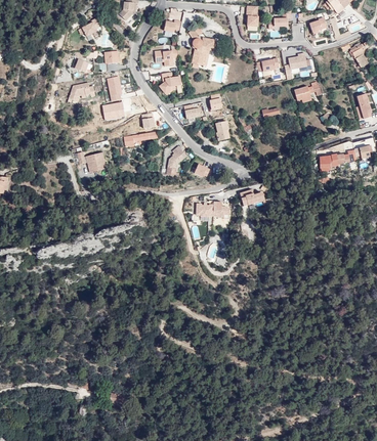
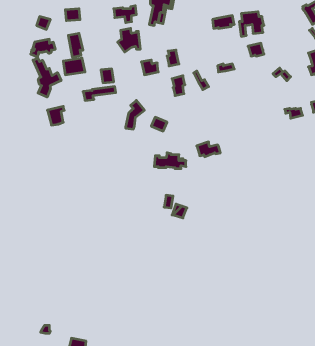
building: none -> [33,58,61,97]

